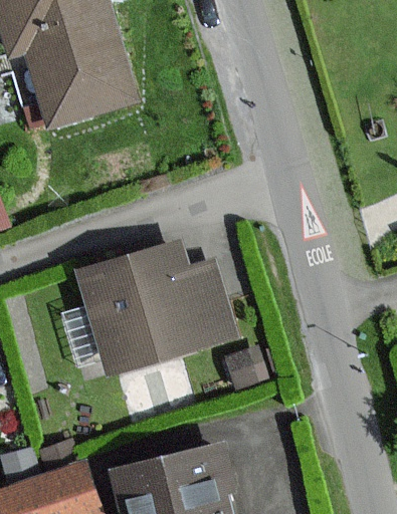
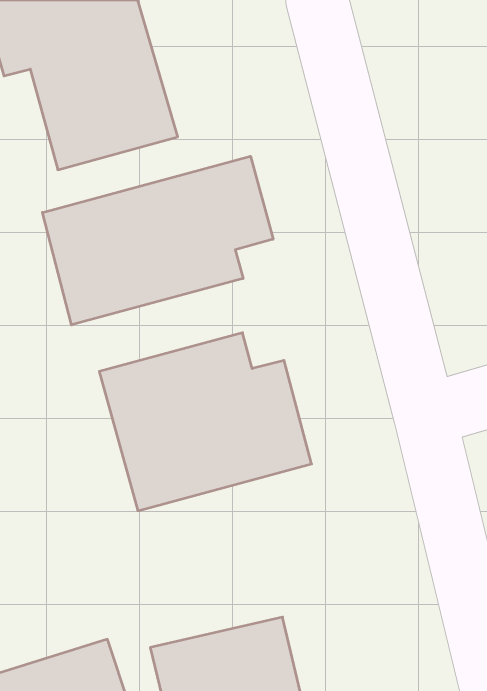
building: none -> [42,156,273,325]

